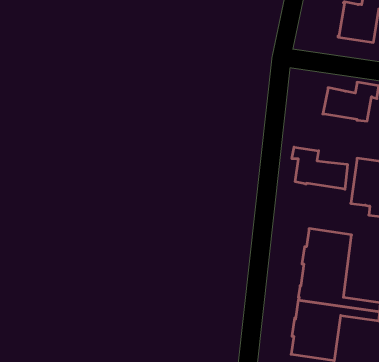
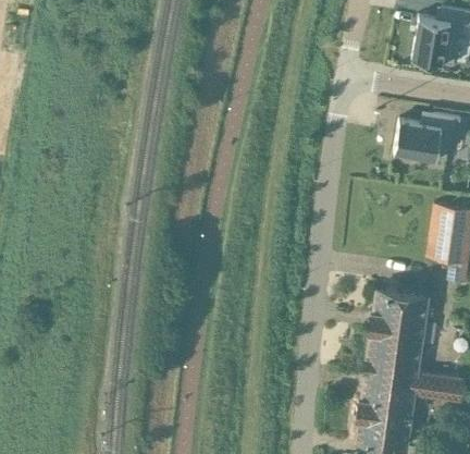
building: [292,147,348,189] -> none

